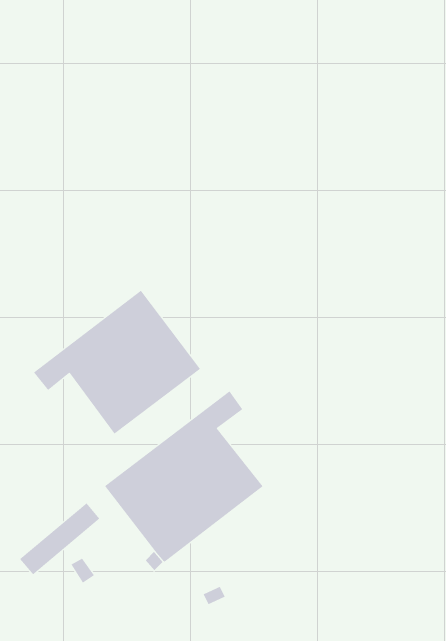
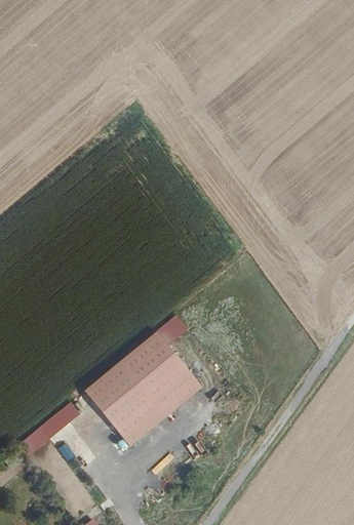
building: [33,290,201,434] -> none

